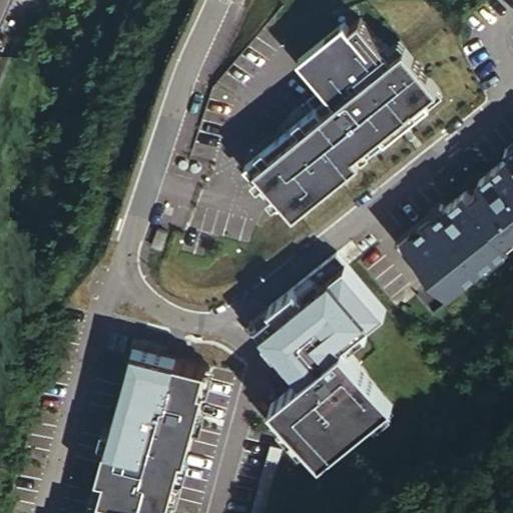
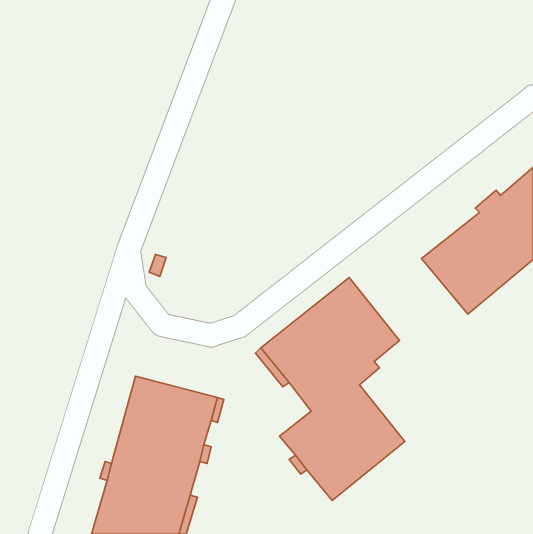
building: [245,28,432,224] -> none

